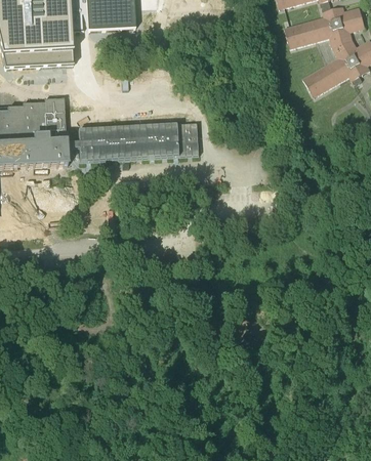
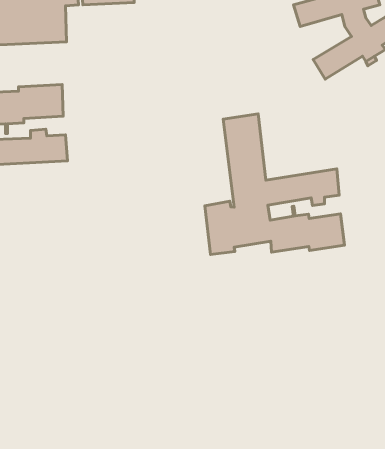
building: [70,124,201,162] -> none
building: none -> [205,114,344,255]

